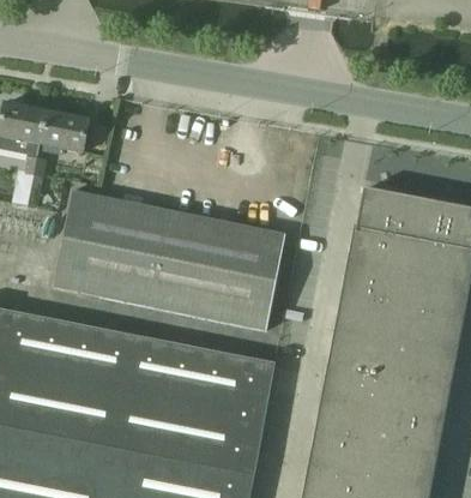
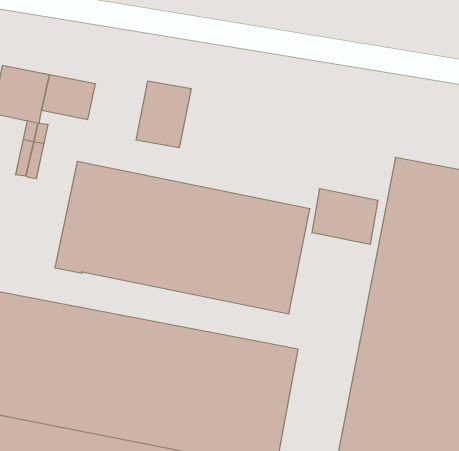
building: none -> [136,81,191,148]
building: none -> [312,188,378,244]

